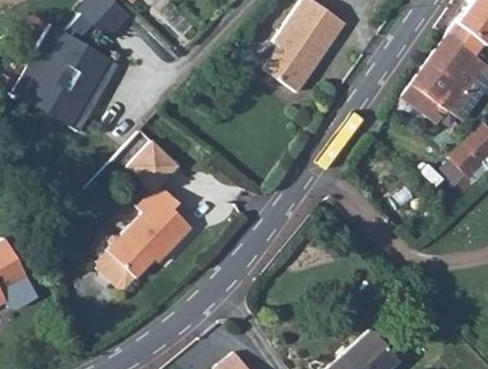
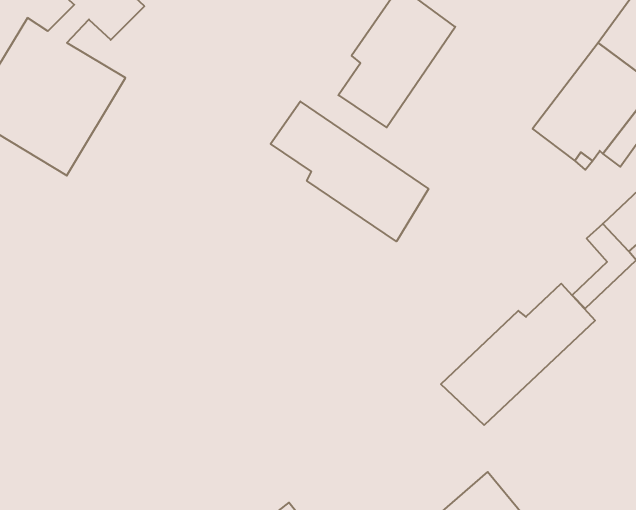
building: none -> [271,101,428,241]
building: [89,141,190,293] -> none
building: none -> [441,284,595,425]

